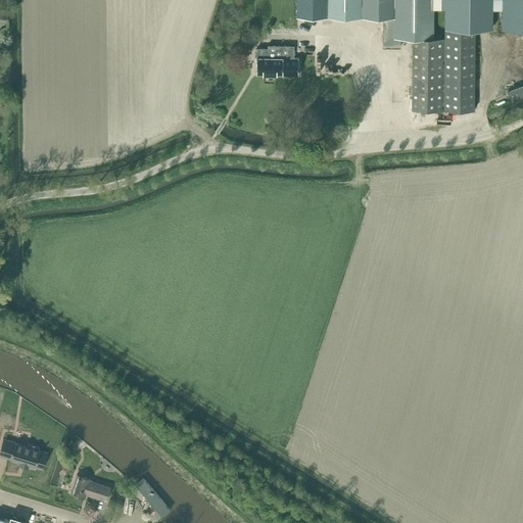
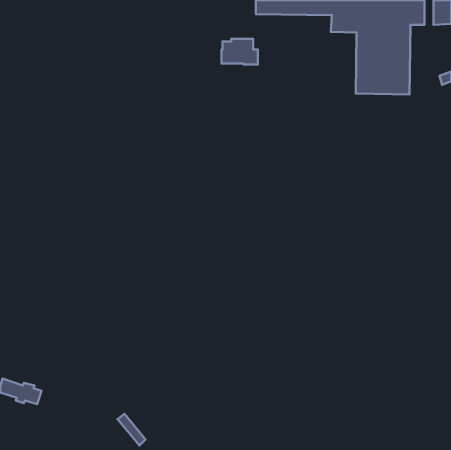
building: [73,475,110,501] -> none

